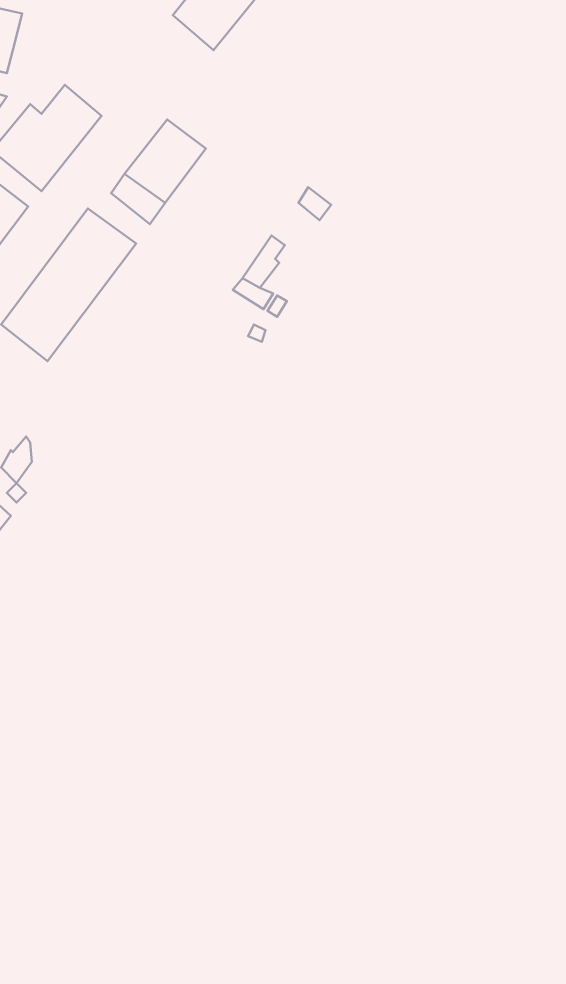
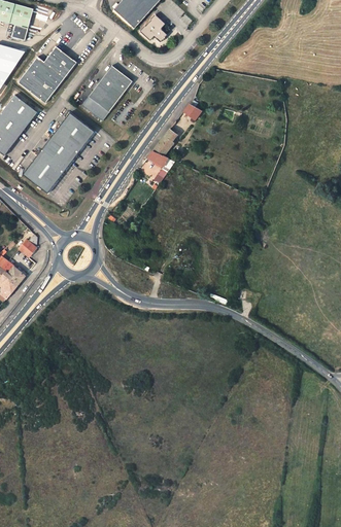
building: none -> [141,12,169,40]

